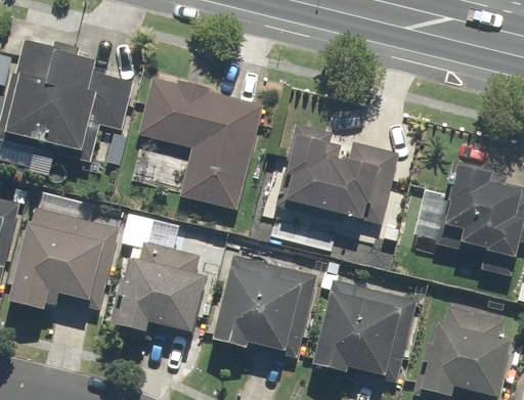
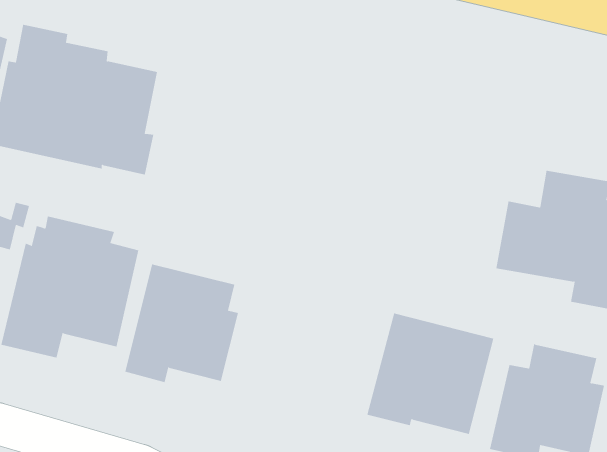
building: [141,75,262,209] -> none
building: [280,121,400,221] -> none
building: [212,256,318,355] -> none

